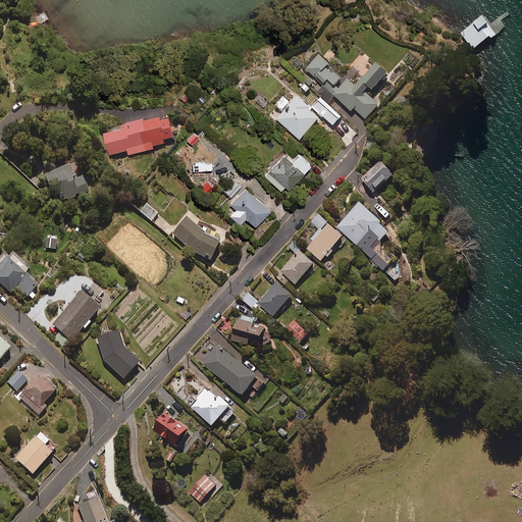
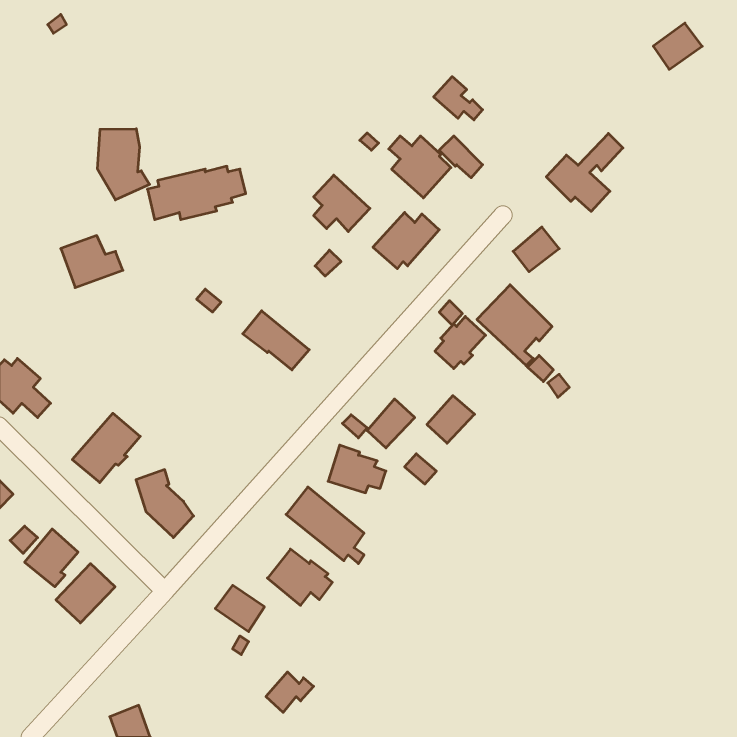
building: [333,63,387,118] -> [546,133,623,211]
building: none -> [98,129,150,200]
building: [229,186,269,225] -> [314,175,370,232]
building: [280,250,314,283] -> [427,396,475,443]
building: [14,432,56,474] -> [56,564,115,623]

